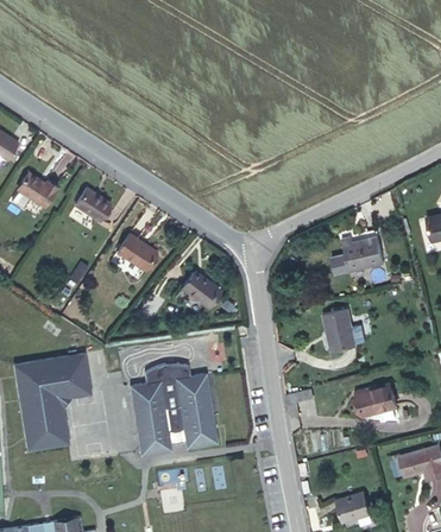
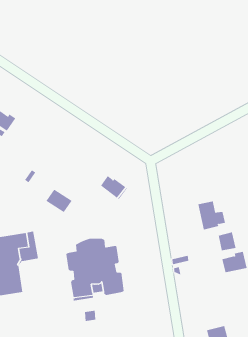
building: [75,188,111,221] -> none
building: [116,234,156,270] -> [46,189,72,213]
building: [342,236,384,271] -> none
building: none -> [218,232,236,251]

